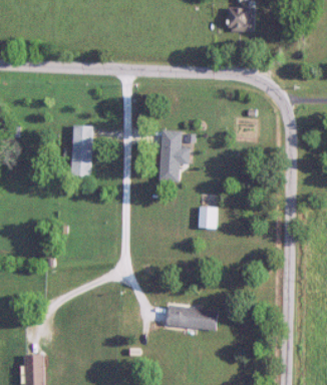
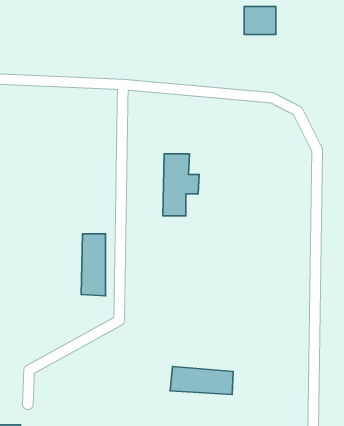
building: [72,125,92,176] -> [81,234,106,296]
building: [200,207,218,229] -> none

